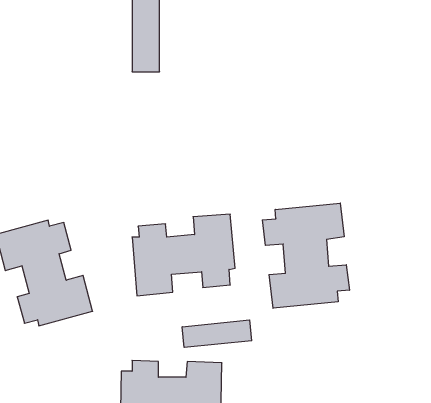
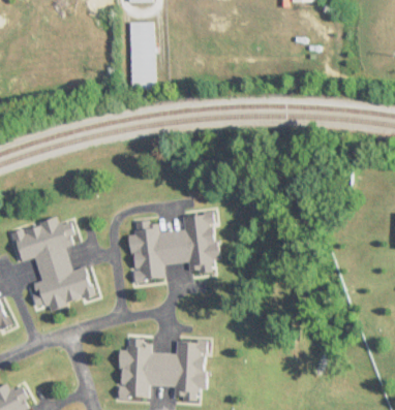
building: [262,203,349,308] -> none
building: [182,320,252,347] -> none

